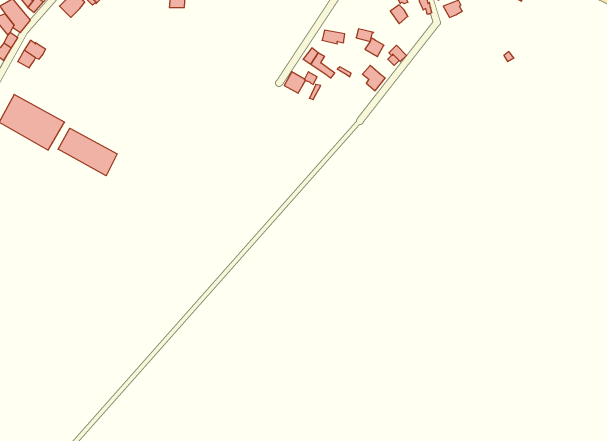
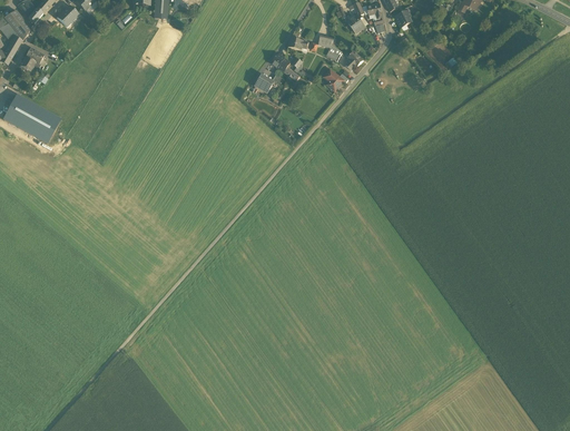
building: [58,128,117,176] -> none

